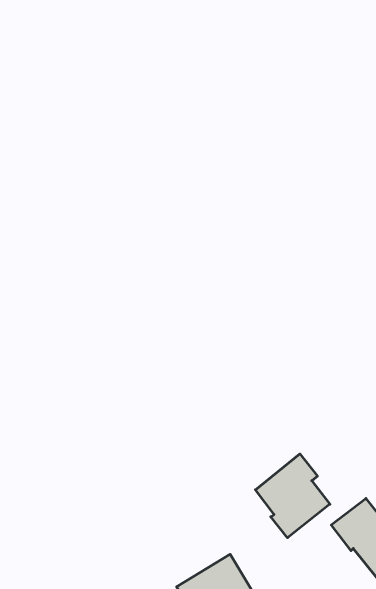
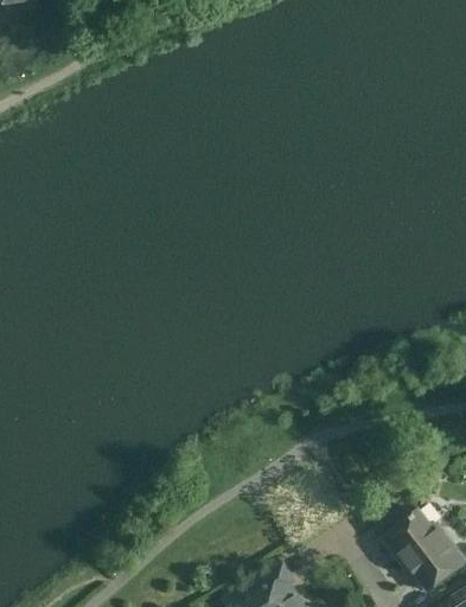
building: [255,454,330,538] -> none

